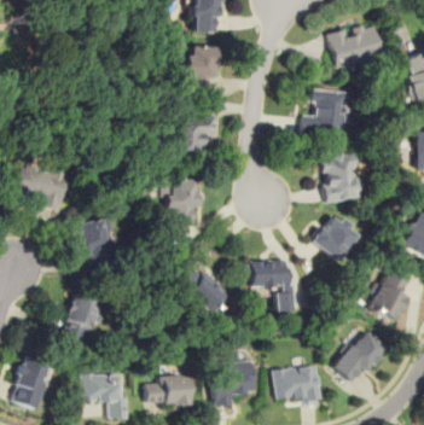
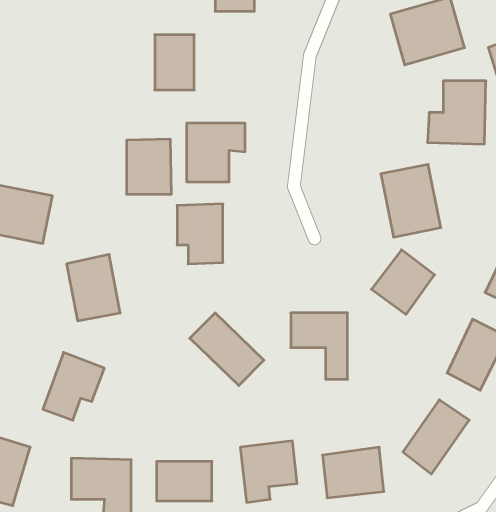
building: [185,45,215,87] -> [155,35,194,90]
building: [301,89,345,138] -> [428,81,486,144]
building: none -> [127,139,171,194]

